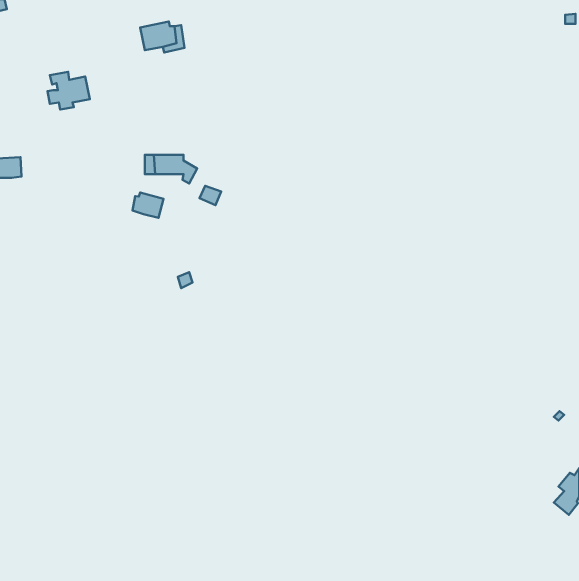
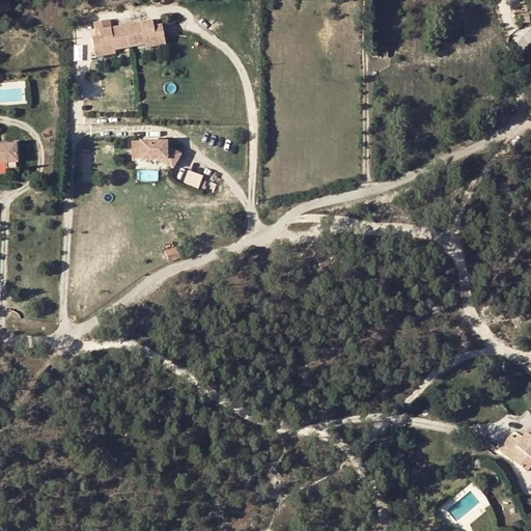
building: [48,72,90,109] -> [93,21,132,55]
building: [132,193,163,218] -> none

